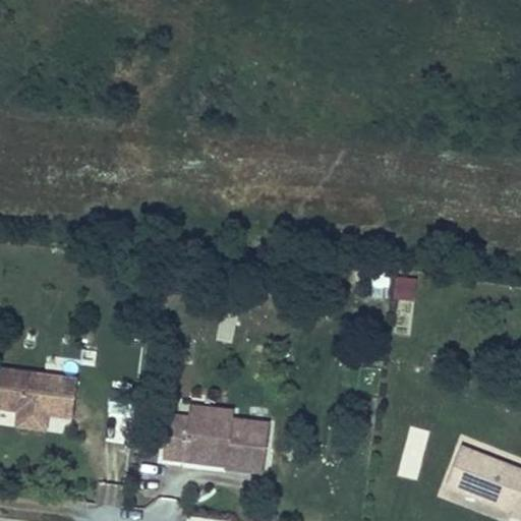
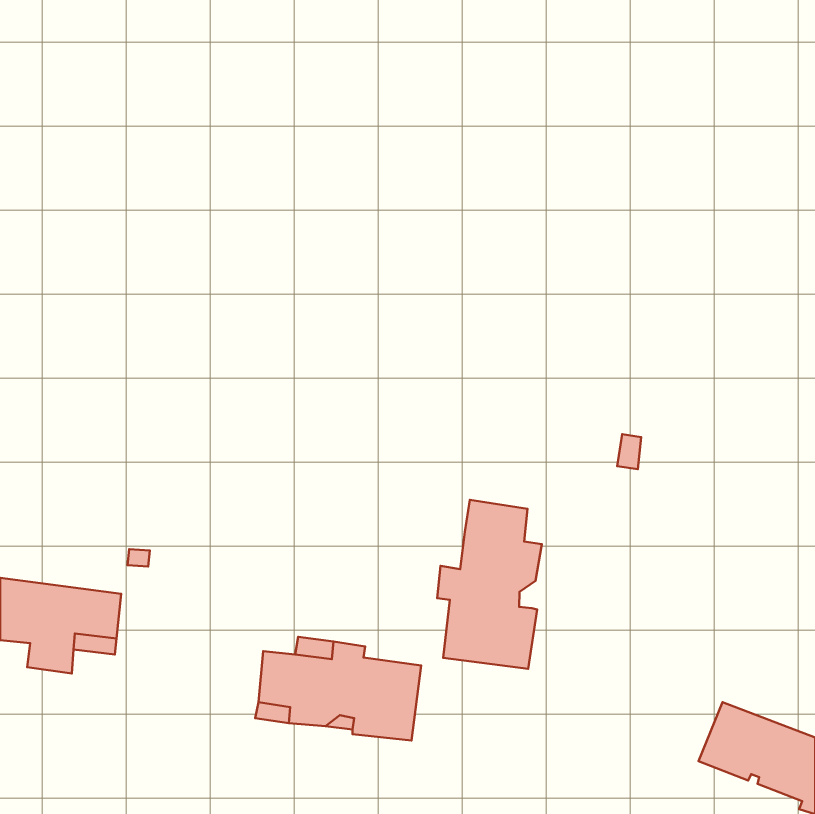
building: none -> [437,500,542,669]

